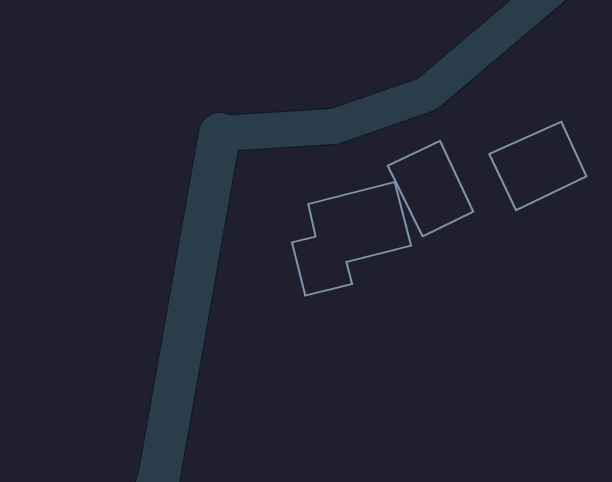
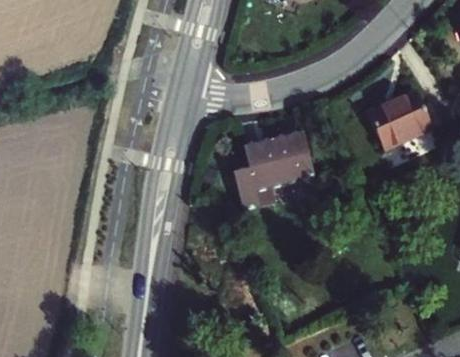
building: [388,141,473,236] -> none

